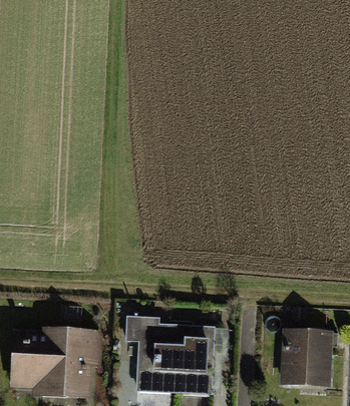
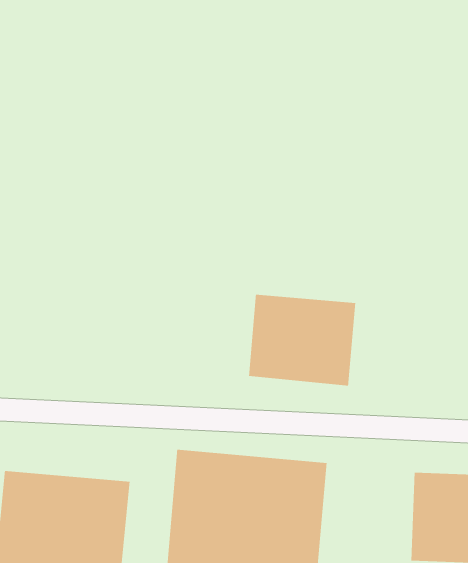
building: none -> [248,294,356,387]

